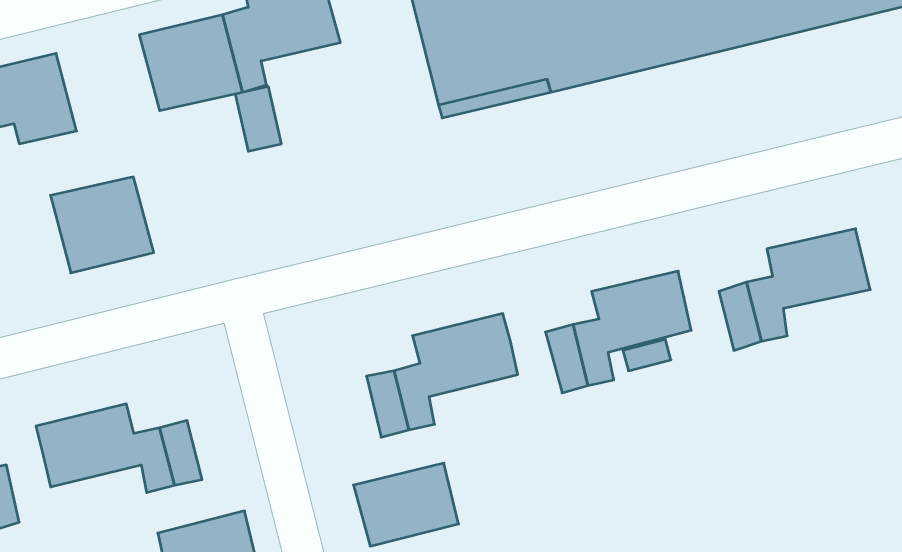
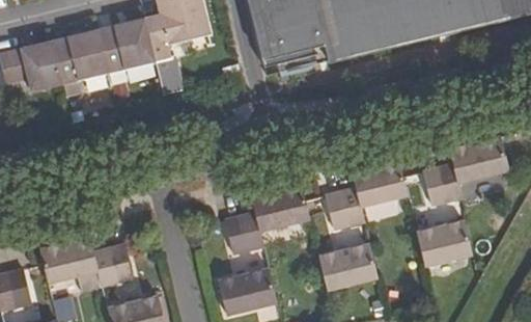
building: [50,177,154,273] -> [51,28,109,82]
building: none -> [417,220,472,266]
building: none -> [319,243,378,290]

